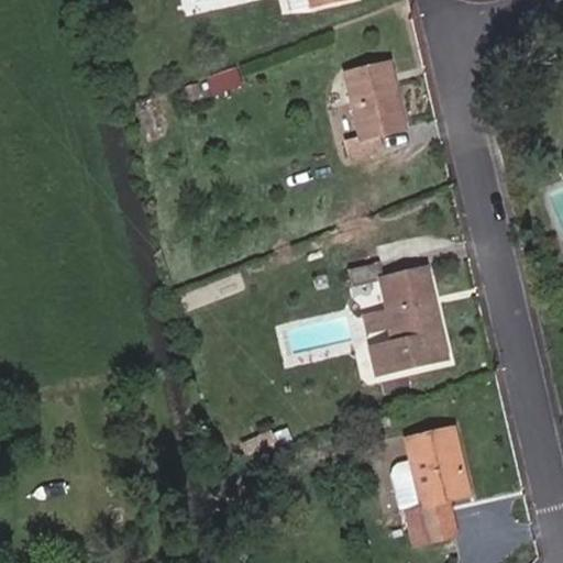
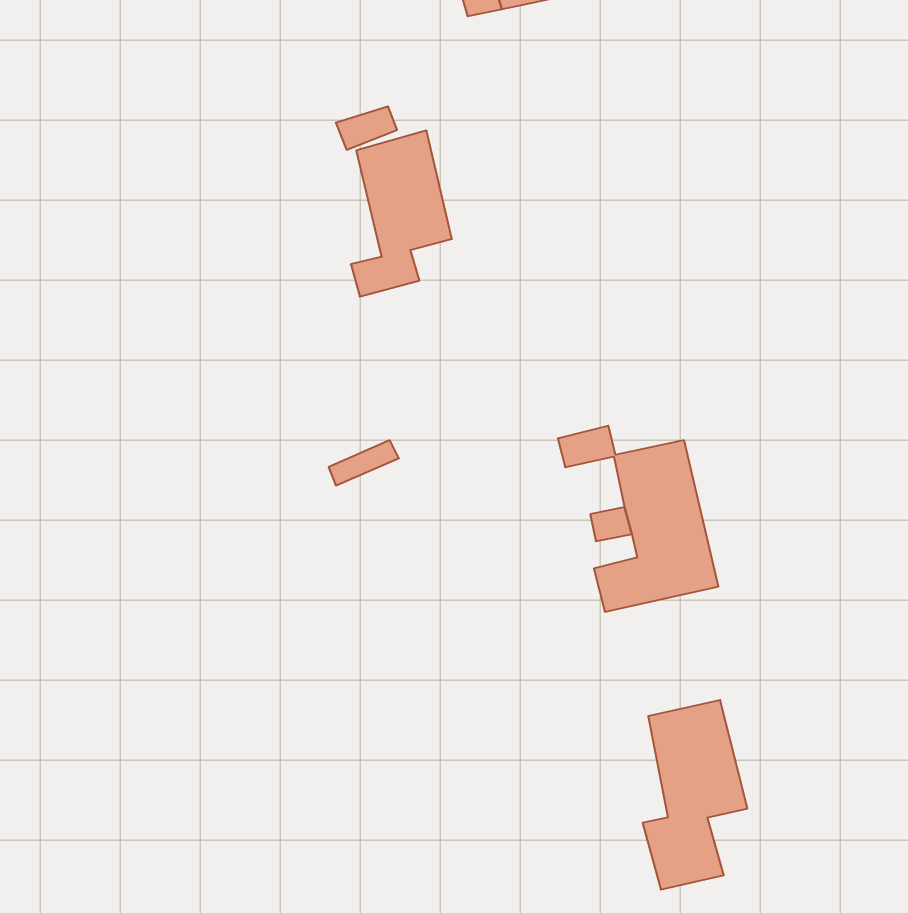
building: [347,60,409,162] -> [351,131,452,297]

